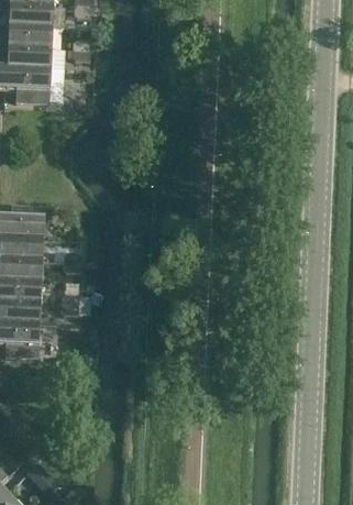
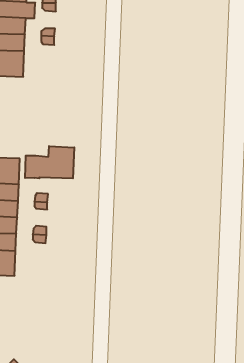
building: none -> [25,146,74,178]

